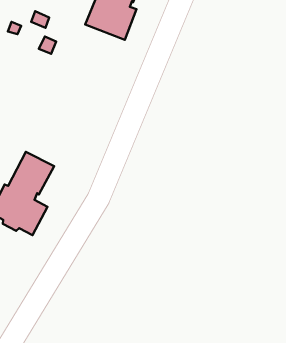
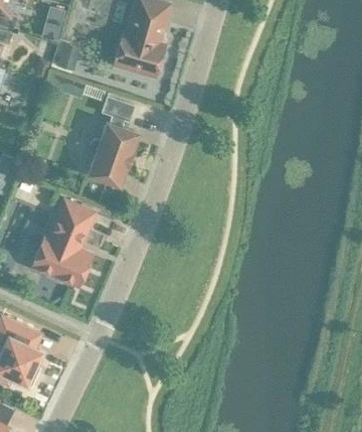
building: none -> [89,96,138,183]

